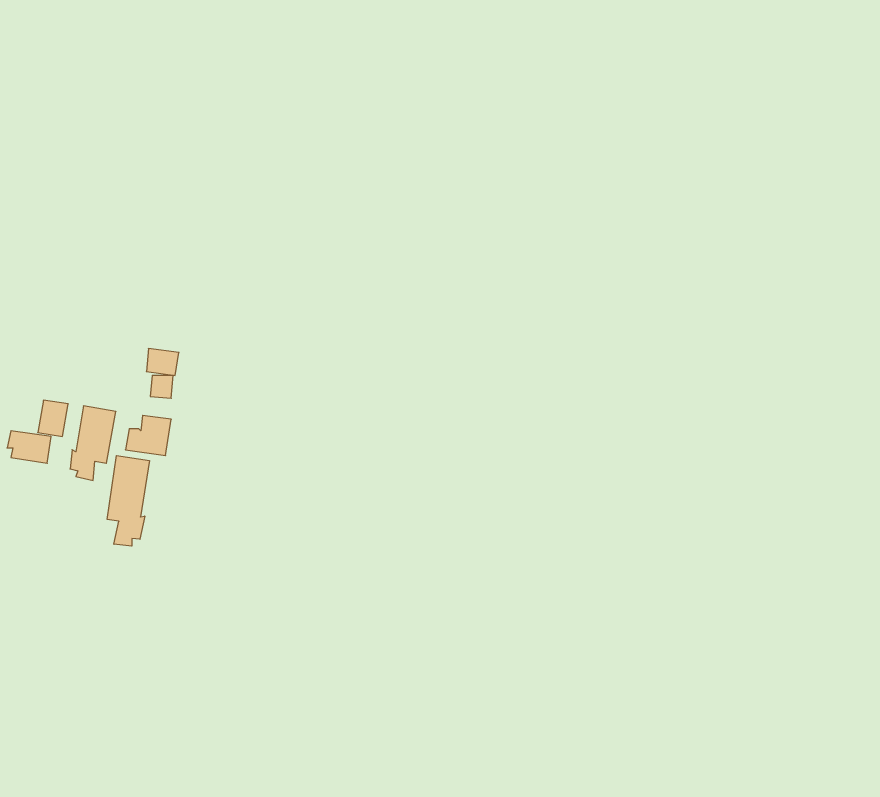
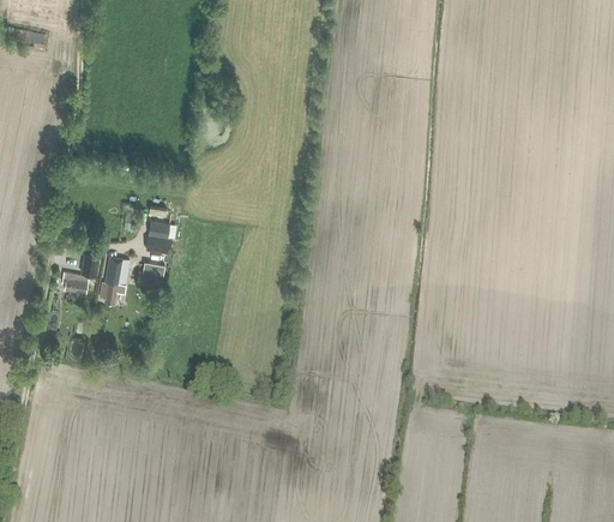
building: [107,456,149,546] -> none

